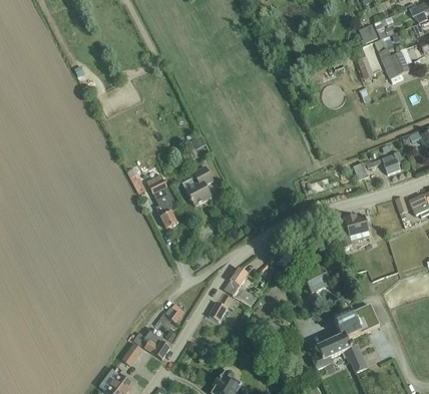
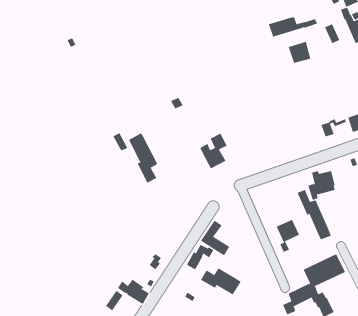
building: none -> [268,17,318,38]
building: [182,166,212,206] -> [199,133,227,169]
building: none -> [297,189,332,240]
building: none -> [200,267,242,295]

